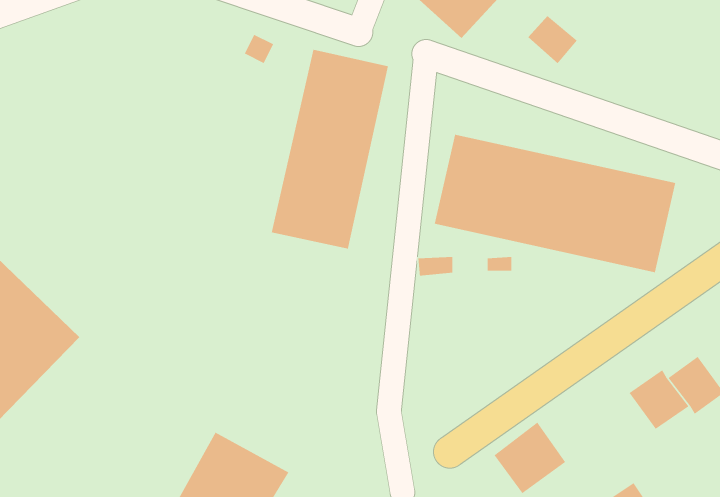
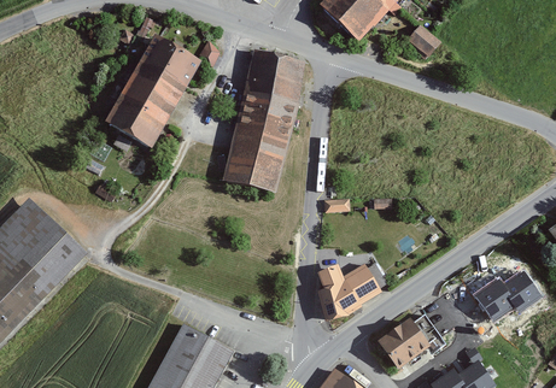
building: none -> [100,34,200,149]
building: [434,134,676,273] -> none
building: none -> [320,261,385,319]

